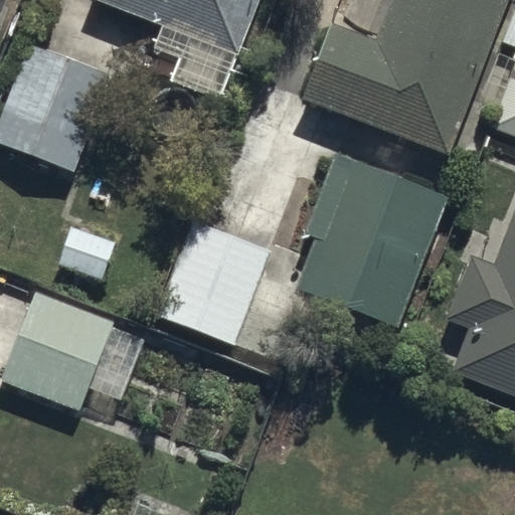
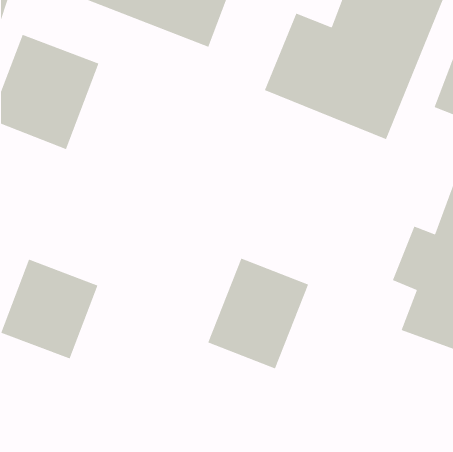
building: [294,158,448,328] -> none
building: [157,218,273,345] -> [207,258,309,369]

